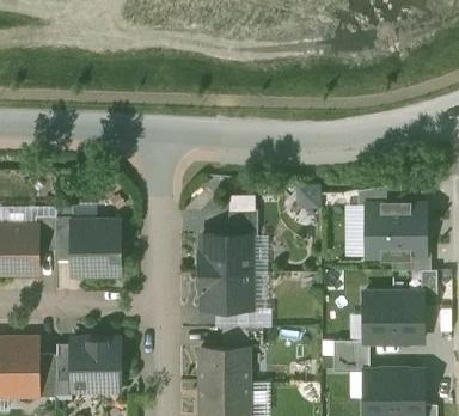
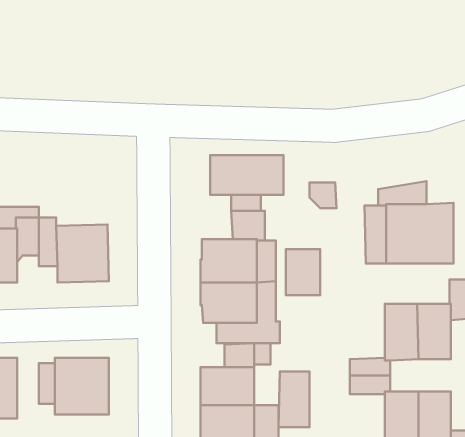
building: none -> [210,155,283,195]
building: none -> [286,249,320,295]
building: none -> [278,372,310,427]
building: [36,355,57,398] -> none

